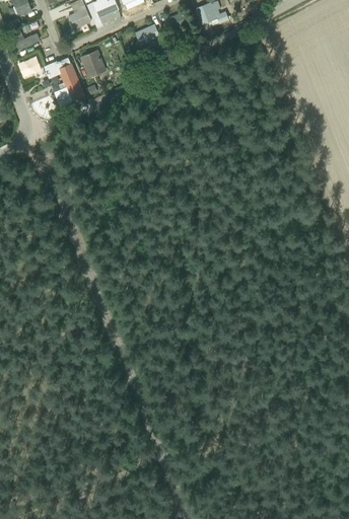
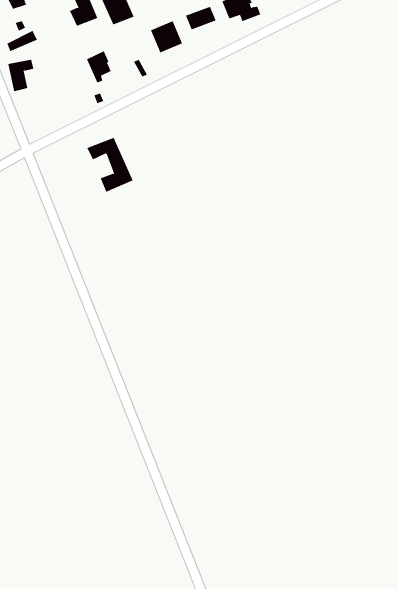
building: [45,58,84,104] -> [86,137,134,193]

